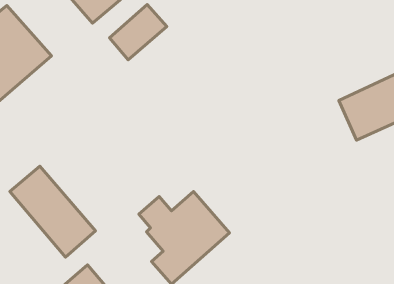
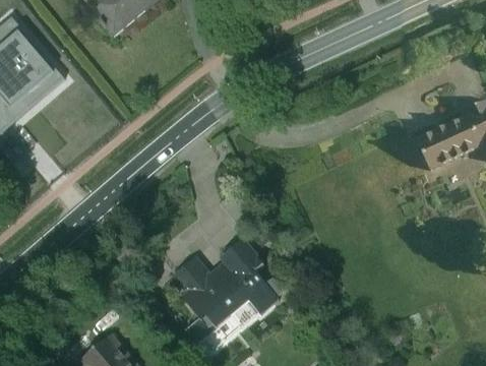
building: [109,4,167,60] -> none
building: [10,166,96,257] -> none

